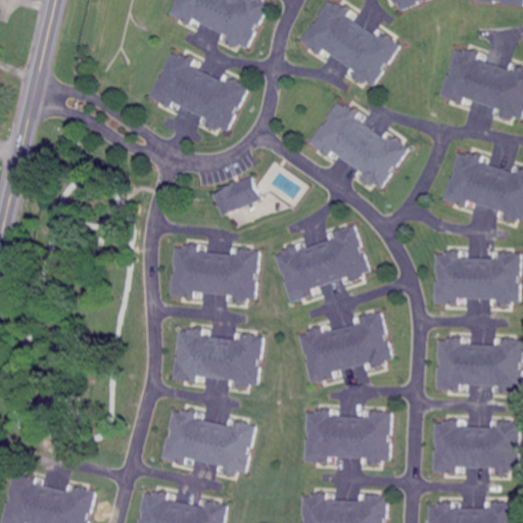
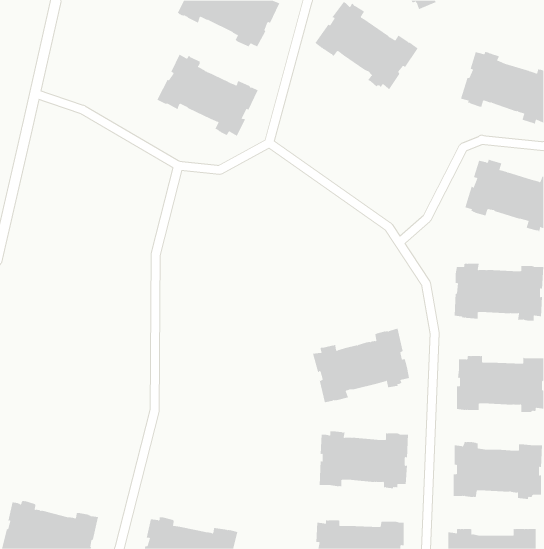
building: [307,102,407,188] -> none
building: [212,176,258,213] -> none
building: [274,226,368,302] -> none
building: [170,245,258,302] -> none
building: [172,329,262,388] -> none
building: [160,410,255,476] -> none

